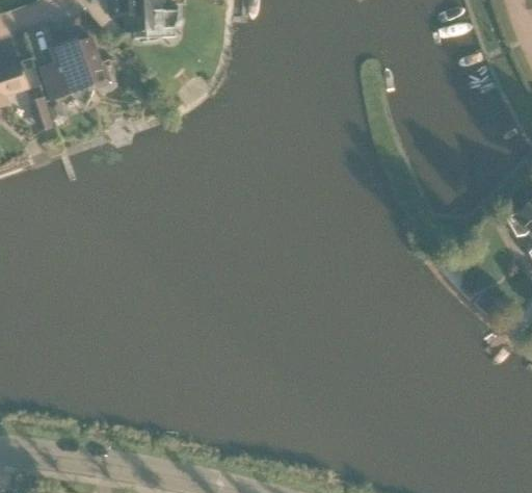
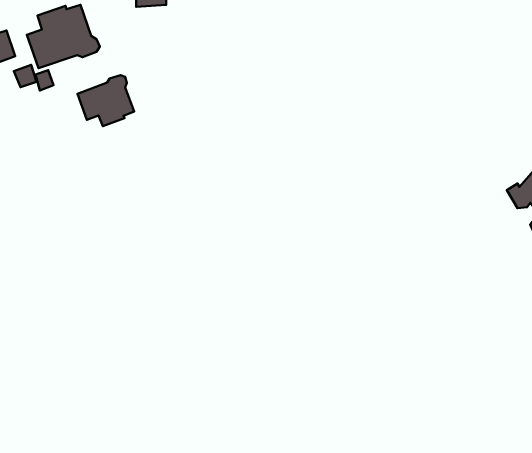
building: none -> [78,75,134,126]

